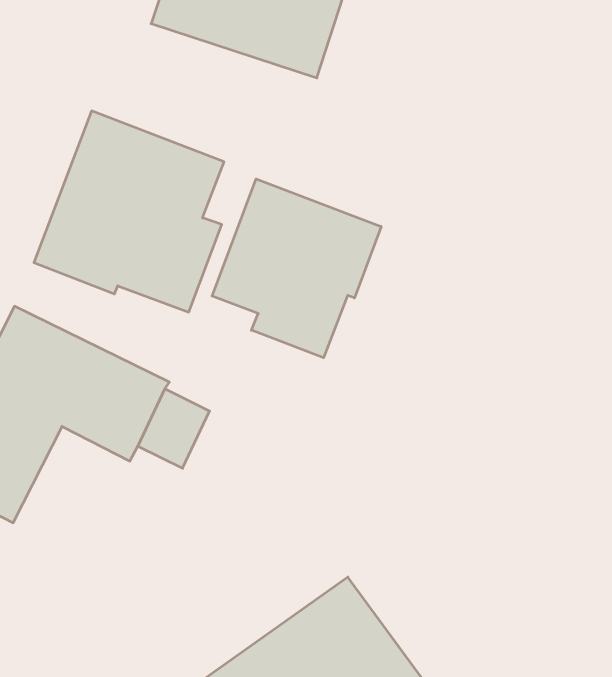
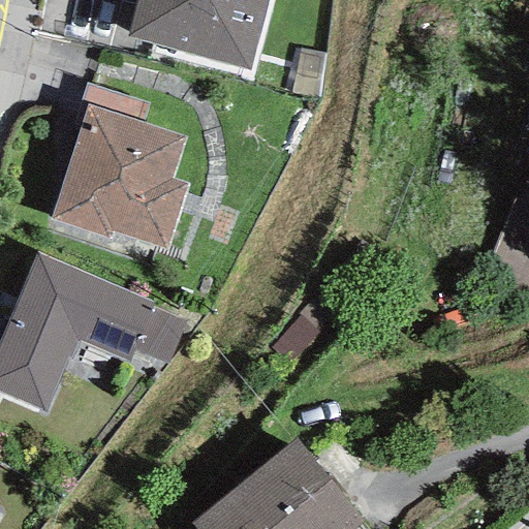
building: [212,179,381,358] -> none

